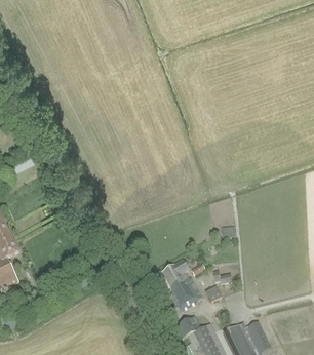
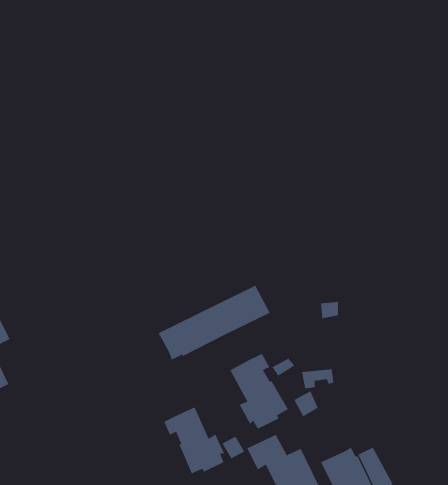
building: none -> [158,285,271,360]
building: none -> [164,407,225,474]

